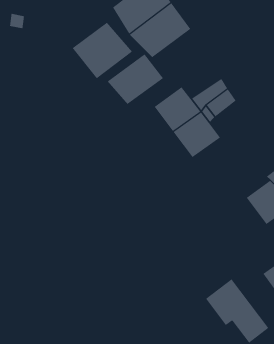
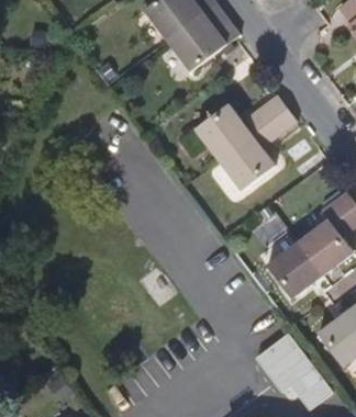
building: [72,22,133,79] -> none
building: [107,54,164,105] -> none
building: none -> [276,238,330,292]

